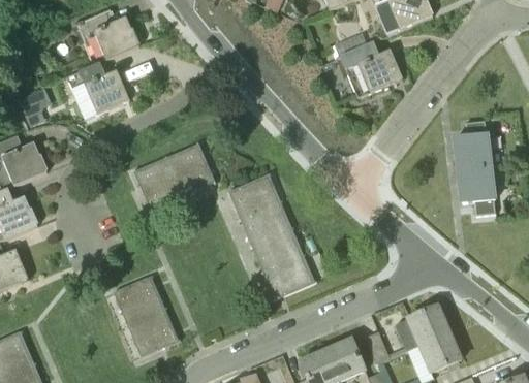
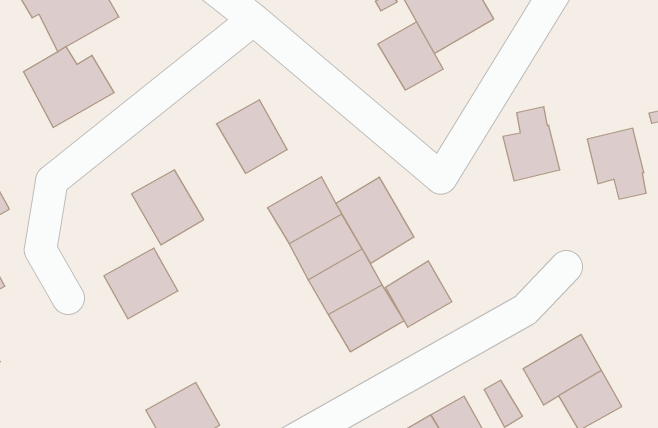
building: none -> [378,22,443,90]
building: [454,120,491,169] -> [503,107,560,181]
building: [166,145,214,195] -> [216,100,287,173]
building: none -> [336,177,414,263]
building: none -> [385,261,452,327]
building: [114,277,164,324] -> [104,248,178,319]

